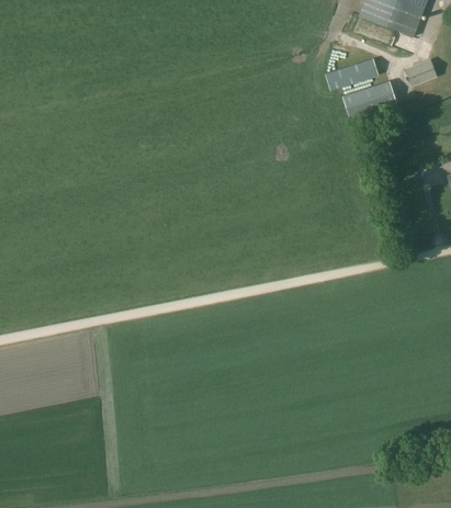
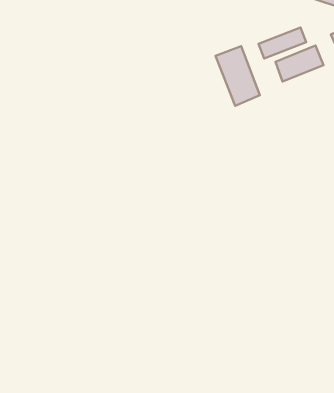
building: none -> [216,46,260,106]

